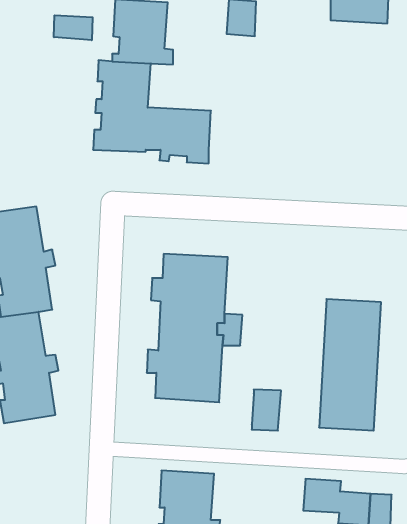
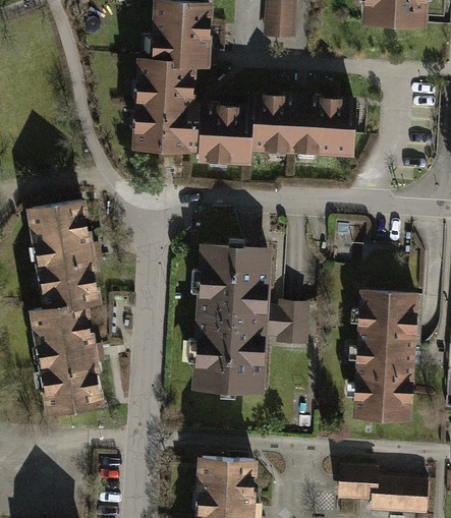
building: [54,15,93,40] -> none
building: none -> [247,91,352,154]
building: [252,390,281,431] -> [278,303,306,343]

